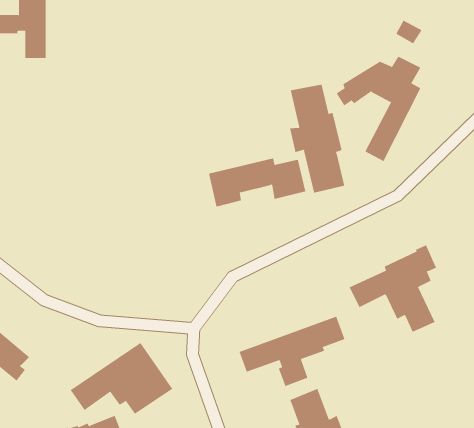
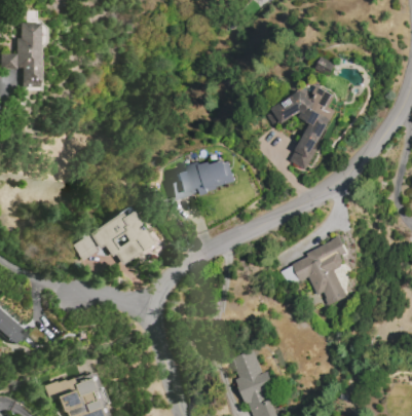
building: [290,84,345,194] -> none
building: [239,316,345,387] -> none
building: [70,342,173,415] -> [72,205,154,263]

